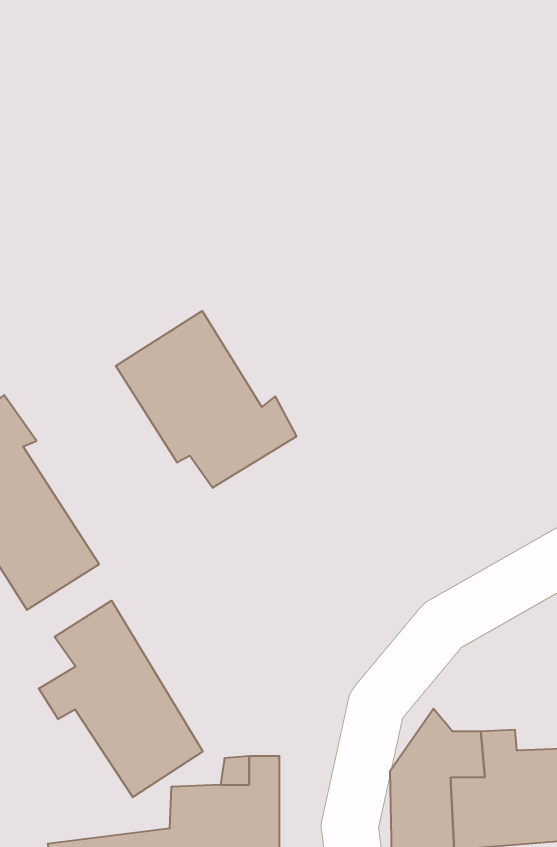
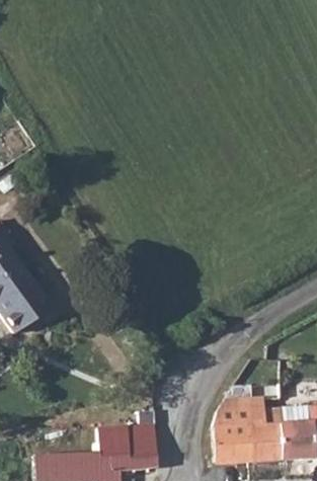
building: [116,311,296,488] -> none
building: [39,601,203,797] -> none

